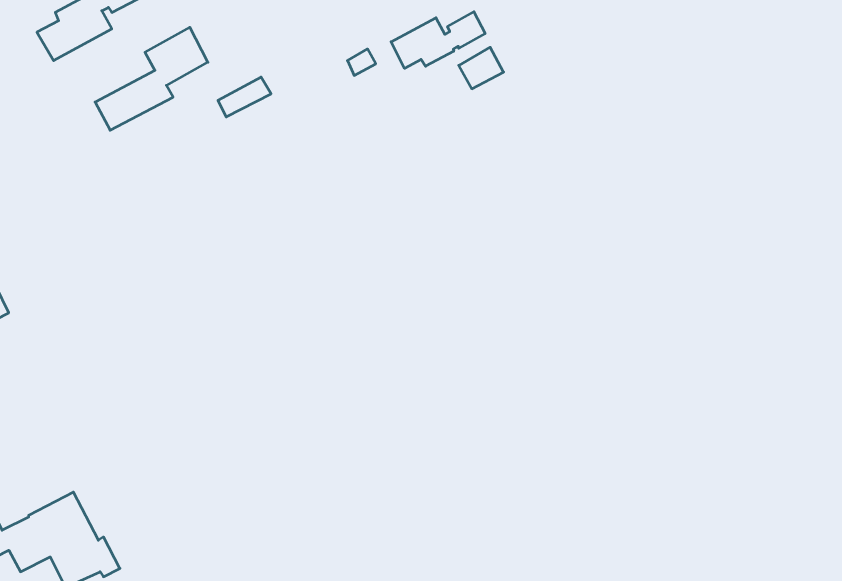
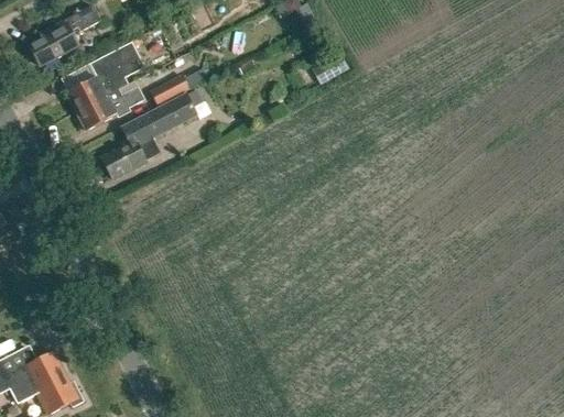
building: [391,12,485,68] -> none
building: none -> [77,86,145,130]
building: none -> [101,89,202,177]

